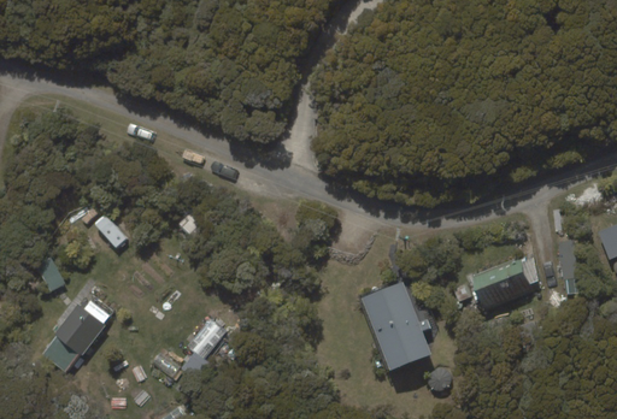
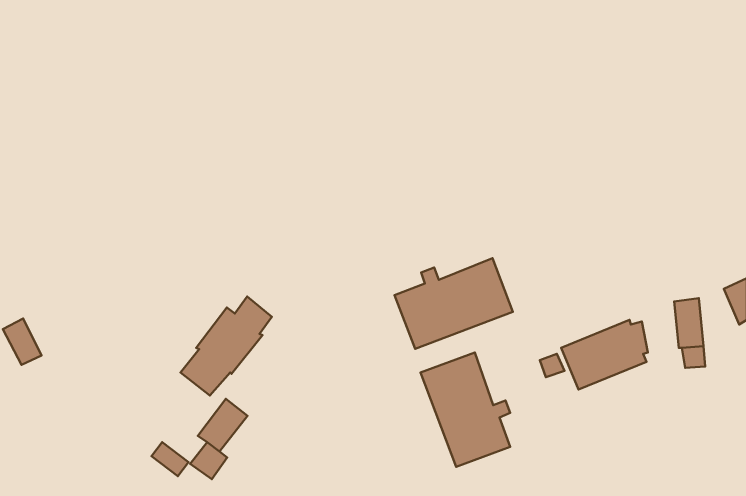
building: none -> [394,258,513,349]
building: [42,295,113,372] -> [181,297,272,396]

